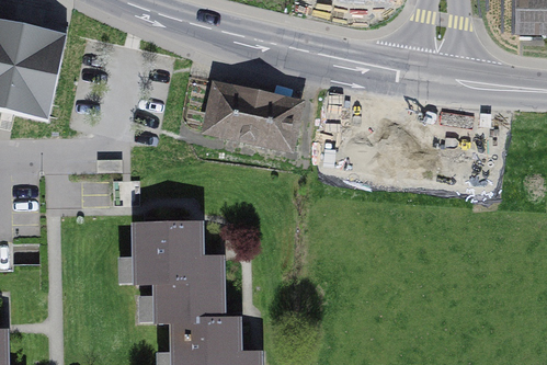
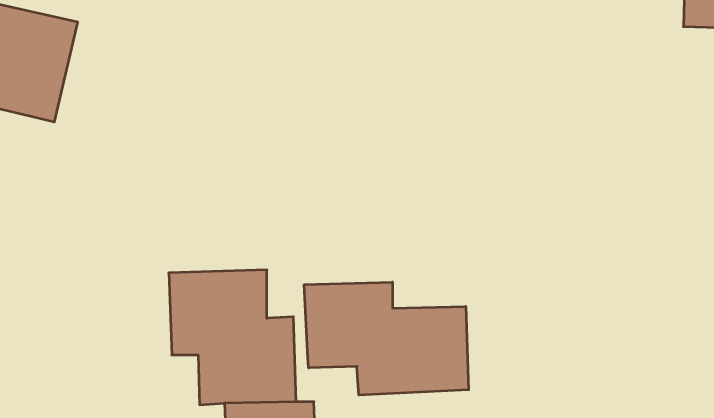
building: [200,85,305,158] -> none
building: none -> [304,282,469,395]

